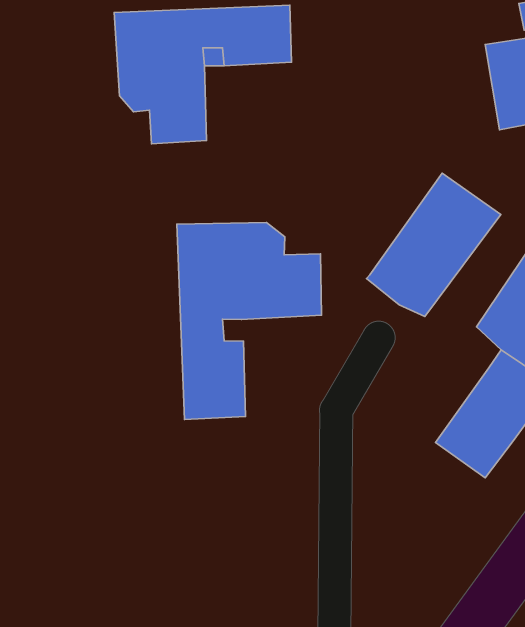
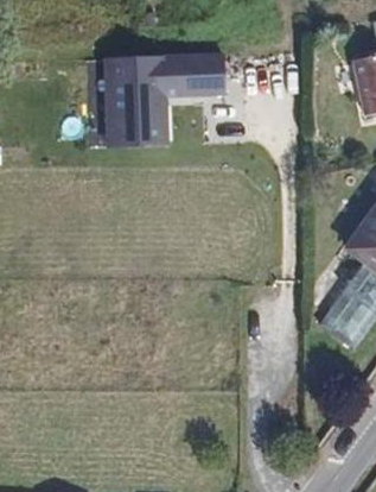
building: [366,173,501,317] -> none
building: [177,223,321,419] -> none

